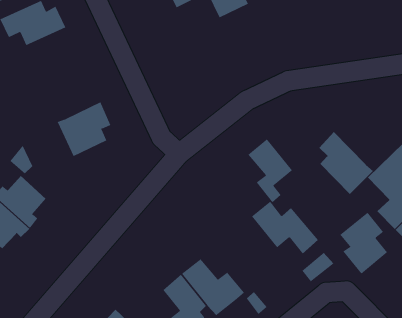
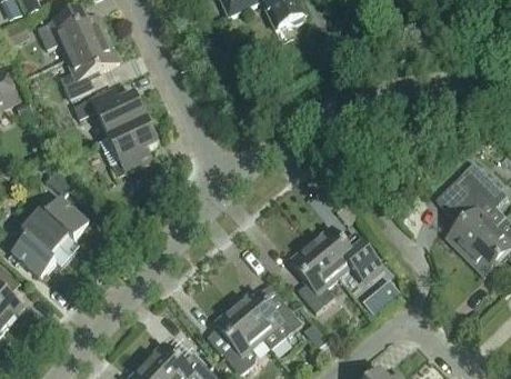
building: none -> [60,38,120,99]
building: none -> [73,93,147,137]
building: [319,131,374,195] -> none
building: [248,138,293,203] -> [288,242,337,312]
building: [340,212,388,274] -> none

